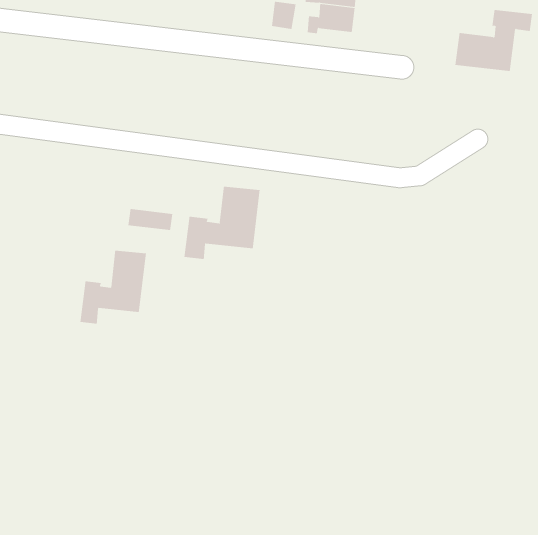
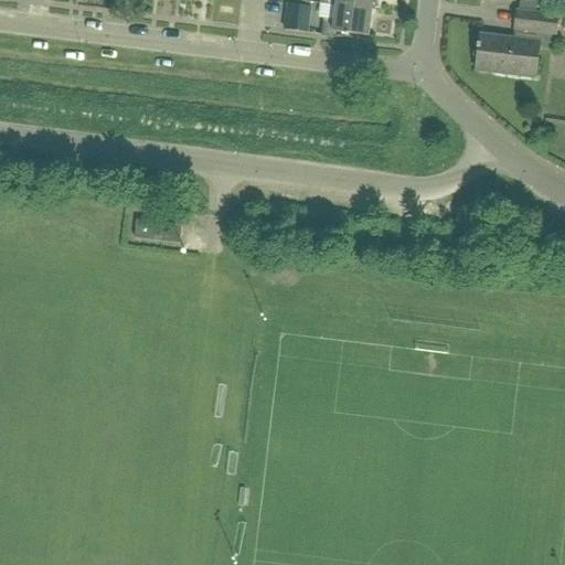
building: [184,186,260,260] -> none
building: [80,250,146,324] -> none

